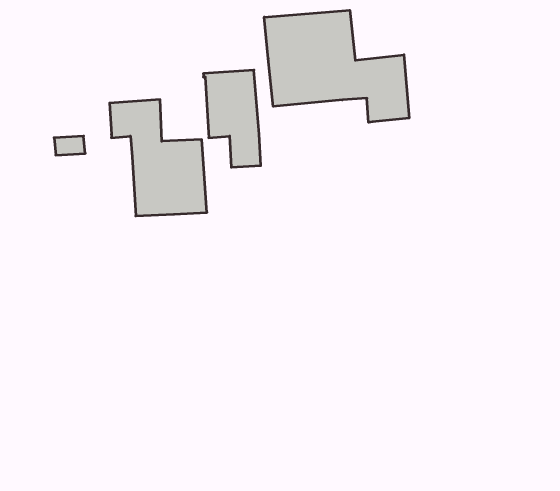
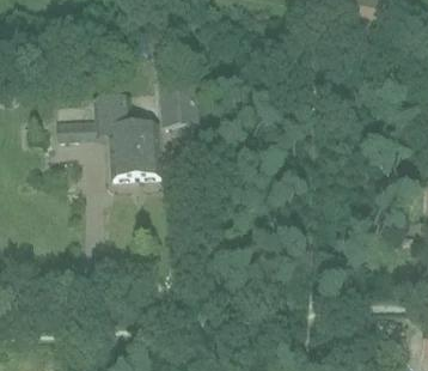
building: [264,10,409,122] -> none

